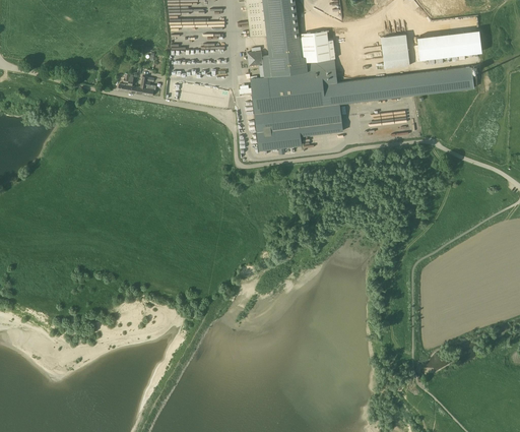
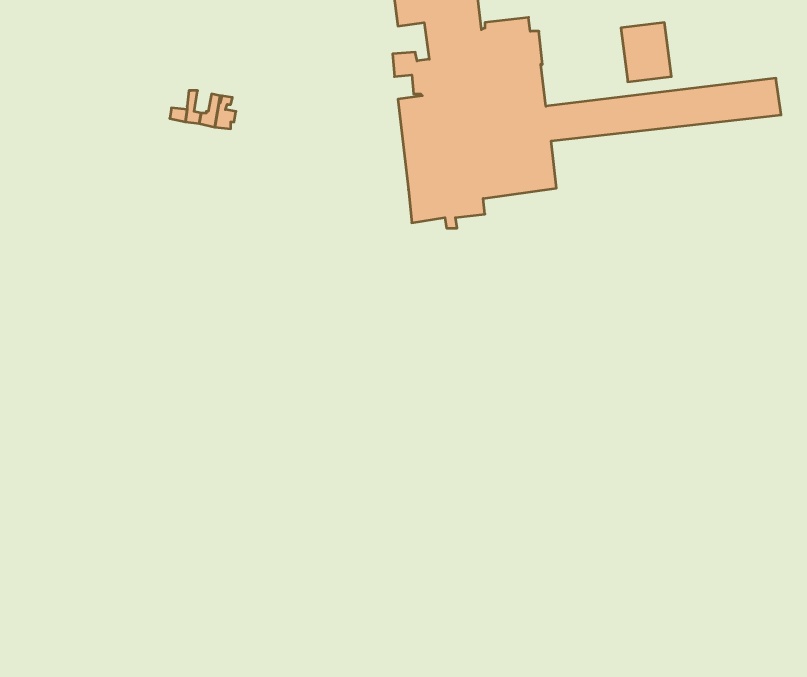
building: [416,30,481,60] -> none

